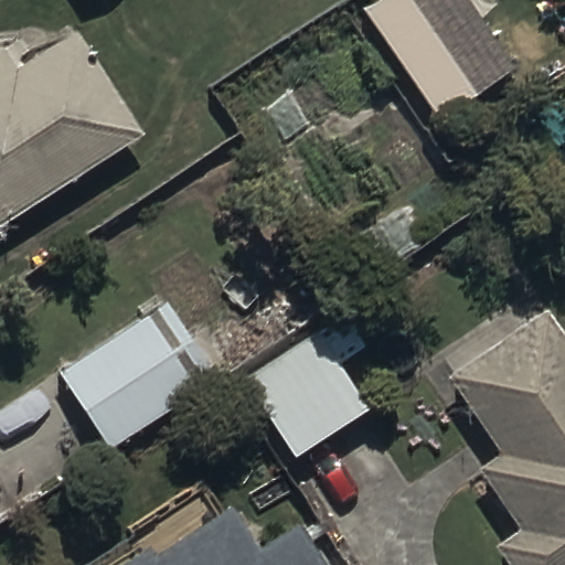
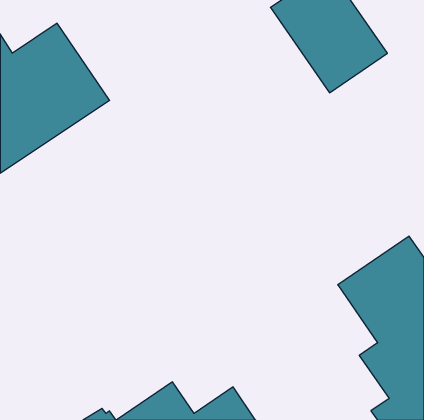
building: [57,292,220,451] -> none
building: [237,322,365,450] -> none

